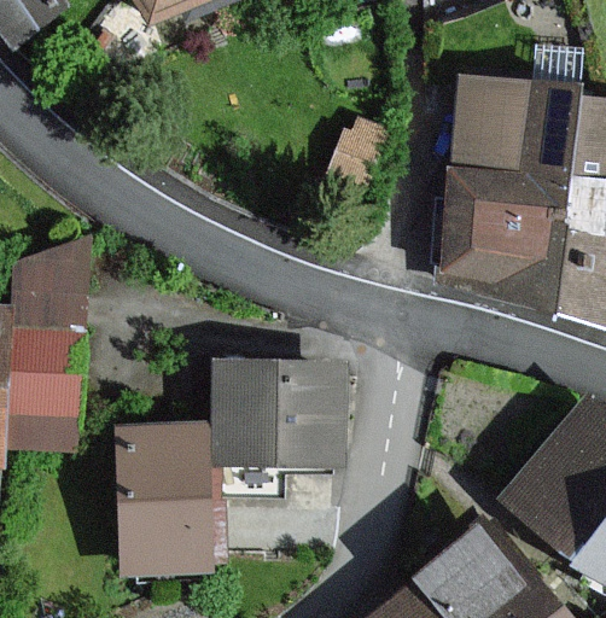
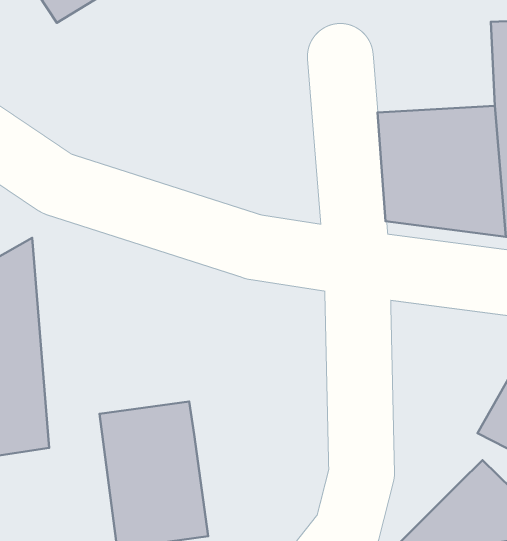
building: [445,76,573,180] -> none
building: [214,367,343,465] -> none

